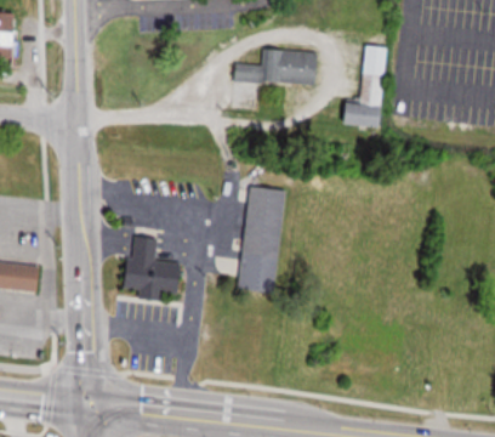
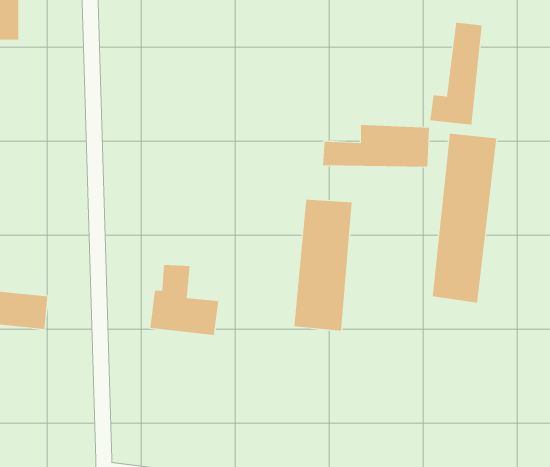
building: [231,50,317,84] -> [322,125,430,167]
building: none -> [432,133,497,304]

